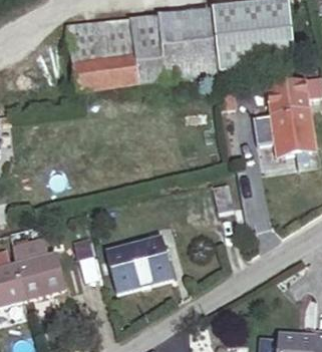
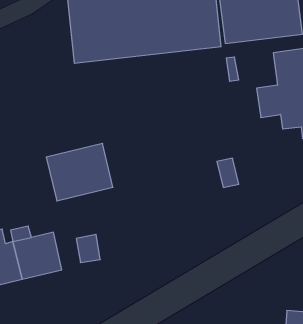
building: [108,236,173,291] -> [46,144,113,201]

